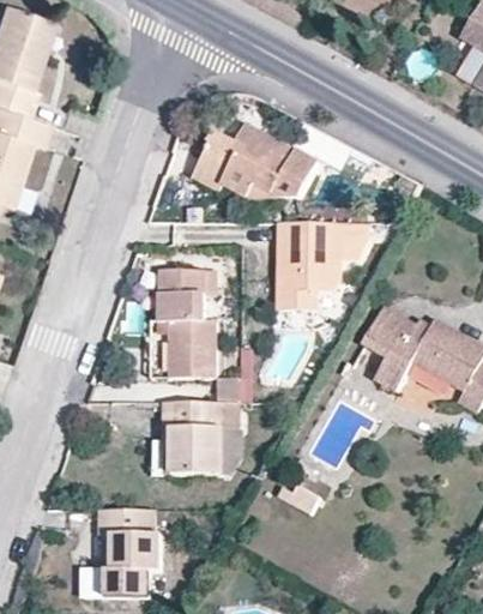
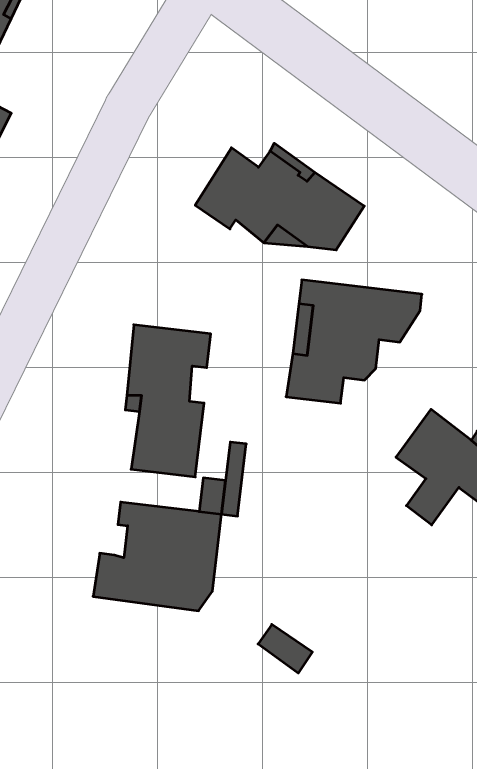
building: [99,510,161,596] -> none

